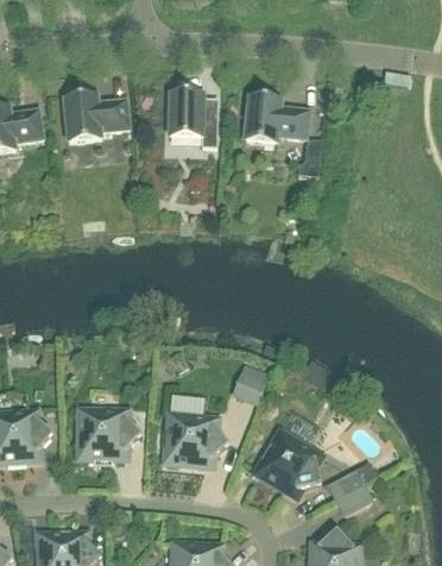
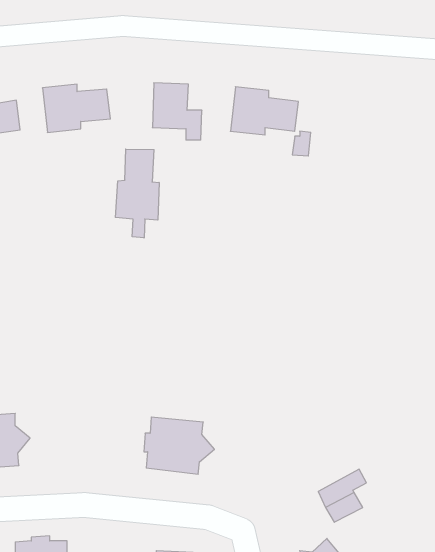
building: none -> [115,149,159,238]
building: [232,363,269,404] -> none
building: [77,408,140,463] -> none
building: [253,429,322,497] -> none

